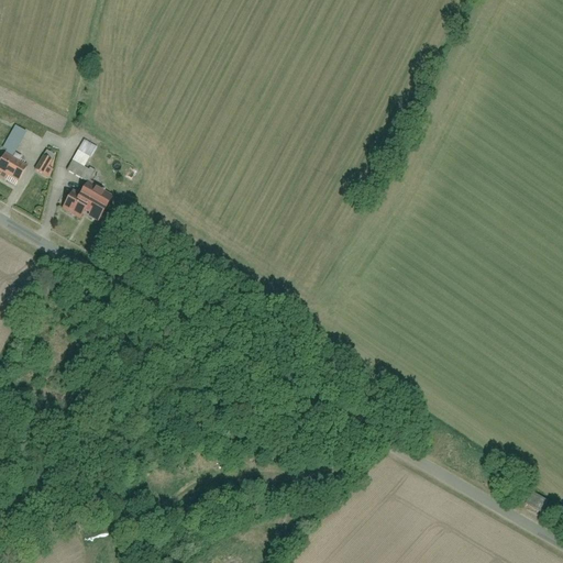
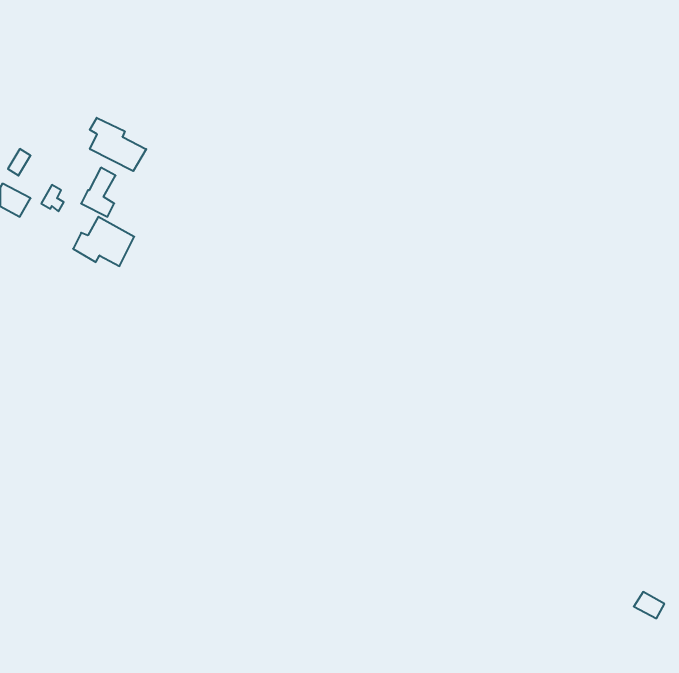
building: none -> [90,118,146,171]

